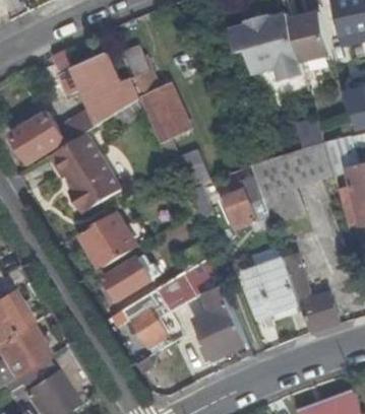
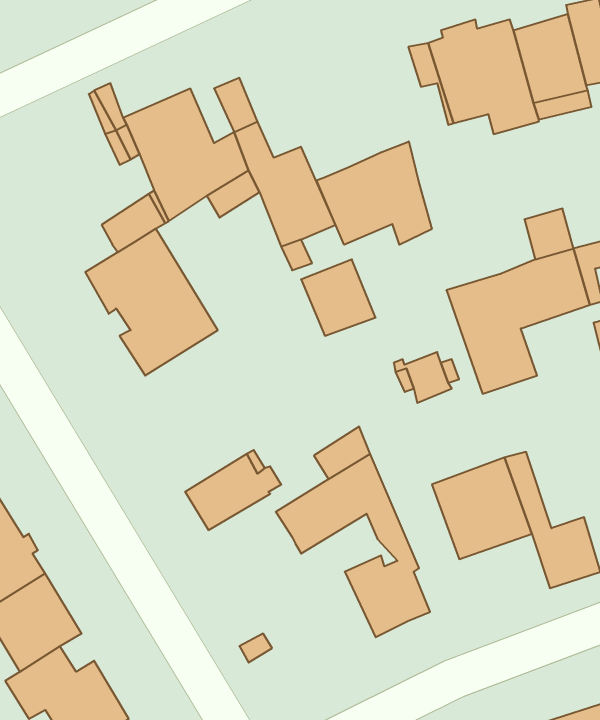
building: none -> [317,141,432,245]
building: [11,111,65,161] -> none
building: [83,214,137,269] -> none
building: [114,288,167,346] -> none

